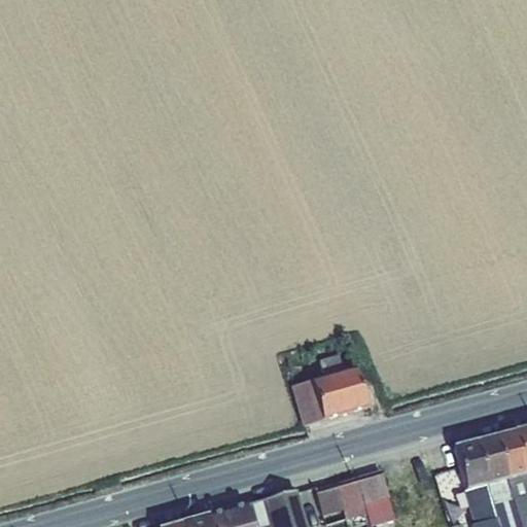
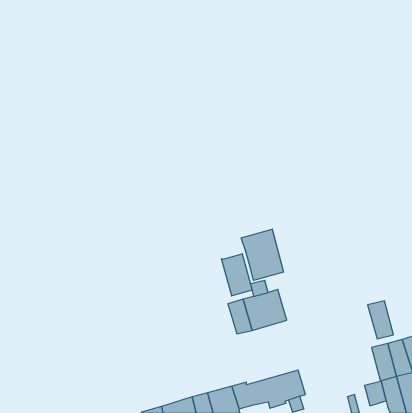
building: none -> [241,229,284,280]
building: none -> [221,254,252,296]
building: [453,443,486,491] -> [368,301,393,339]

